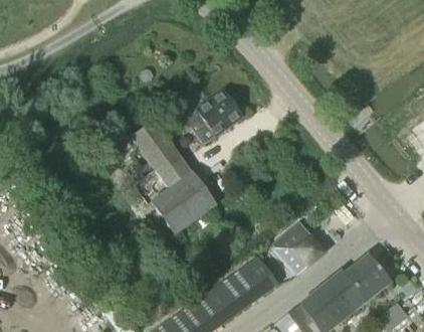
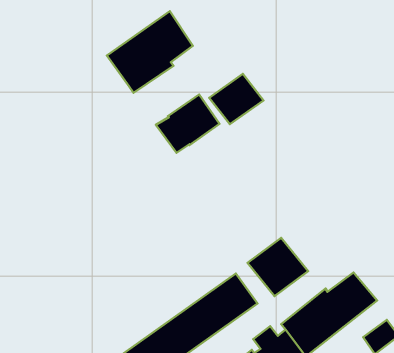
building: none -> [107,11,193,93]
building: none -> [209,74,264,124]
building: [131,120,217,235] -> none

